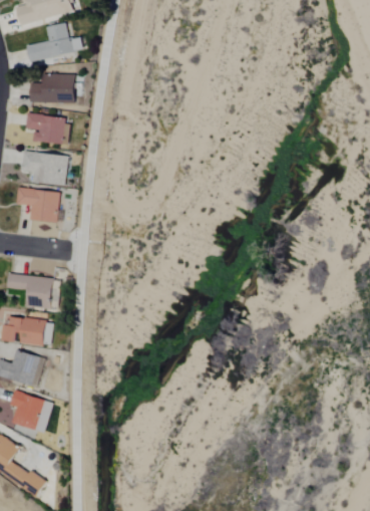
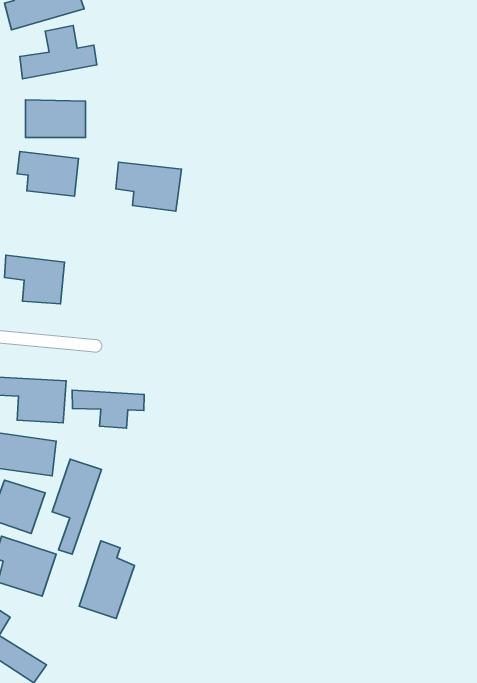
building: [21,152,68,187] -> [116,162,181,211]
building: none -> [72,390,144,428]
building: none -> [52,459,101,554]
building: none -> [79,541,134,618]

